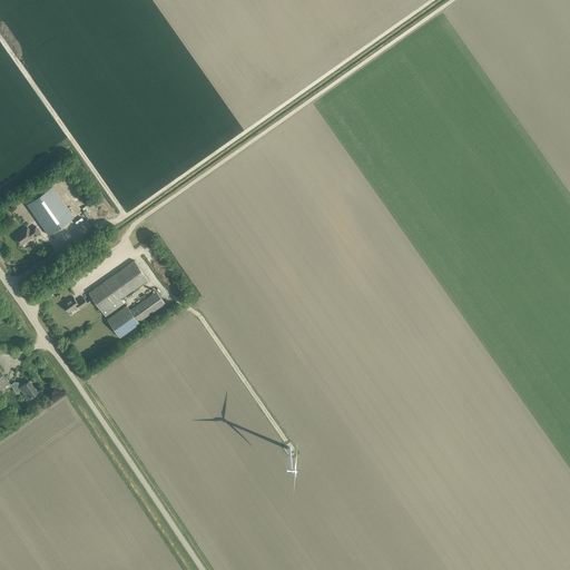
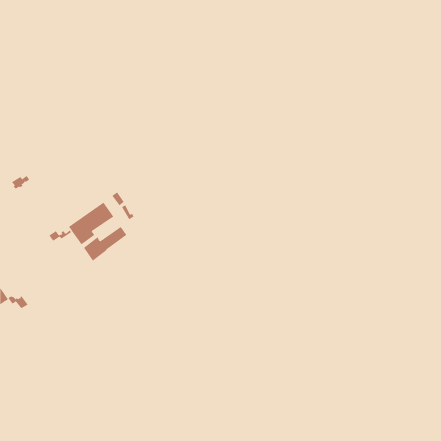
building: [27,187,72,234] -> none

